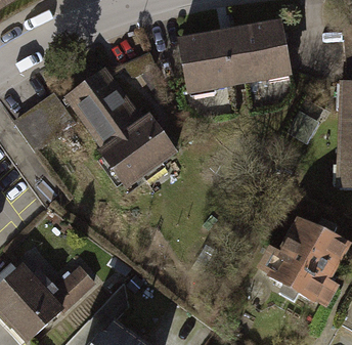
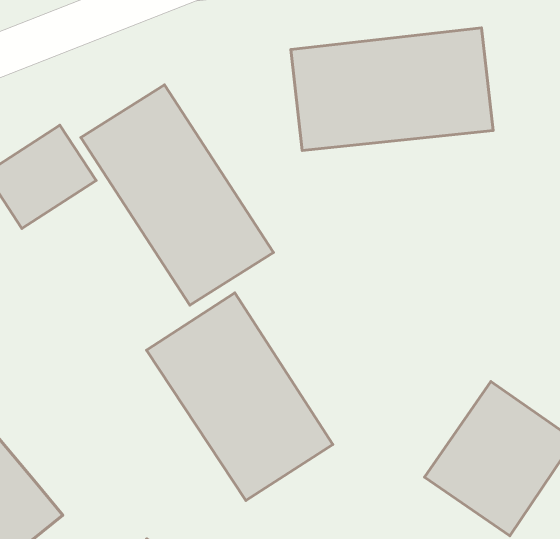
building: none -> [147,293,333,501]
building: [48,262,95,309] -> none

